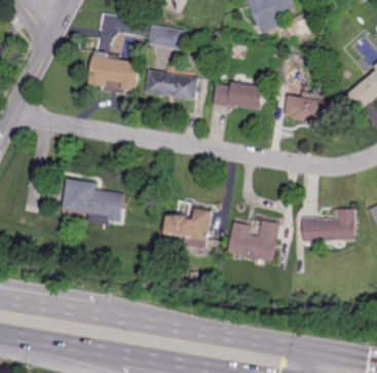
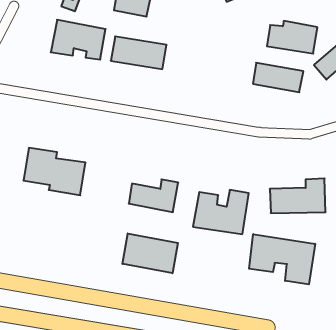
building: [214,79,263,111] -> [267,21,317,54]
building: none -> [122,233,178,273]
building: none -> [249,234,315,284]

